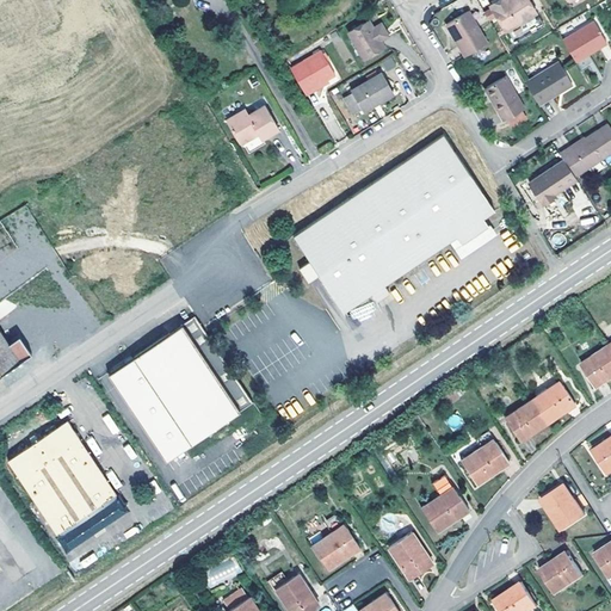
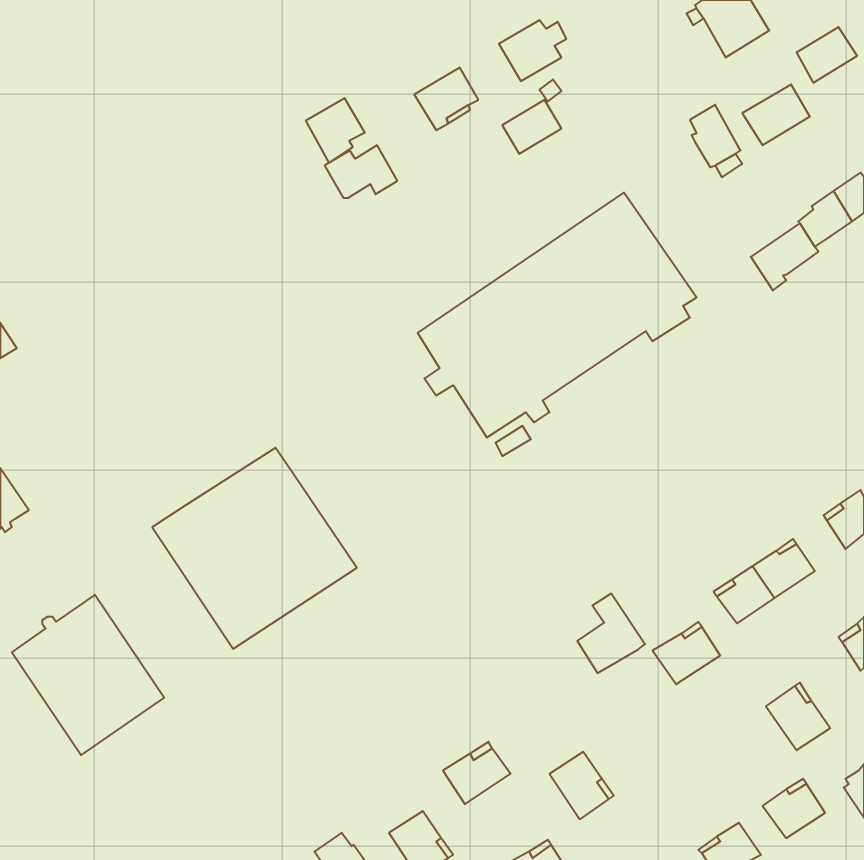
building: [446,11,487,55] -> none
building: none -> [306,98,365,163]
building: [421,476,469,532] -> [577,594,645,673]

